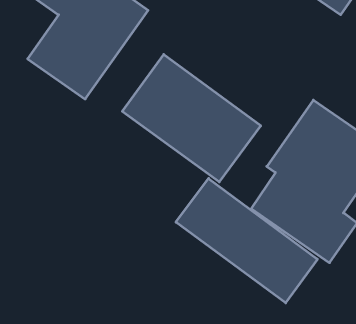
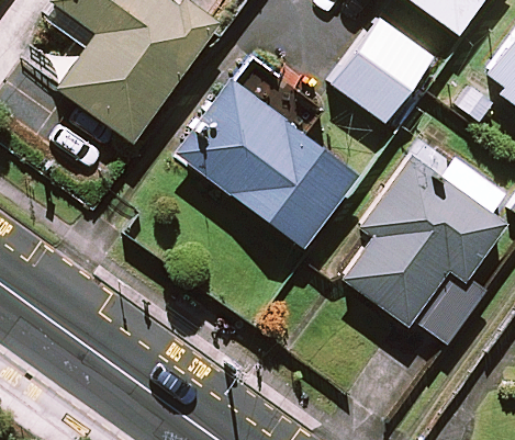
building: none -> [334,18,435,122]
building: [176,178,317,303] -> none

